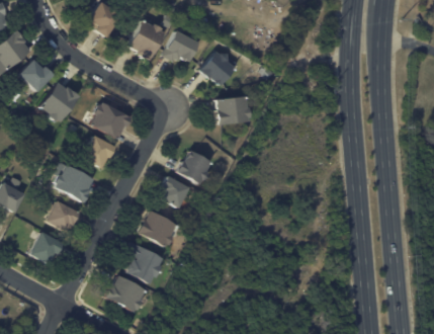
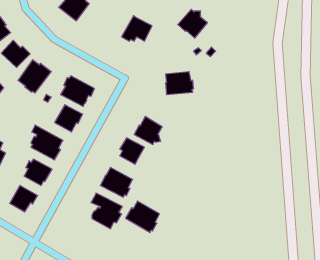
building: [127,20,163,61] -> none
building: [199,52,235,86] -> [178,9,207,38]
building: [105,276,146,314] -> [126,201,159,233]

